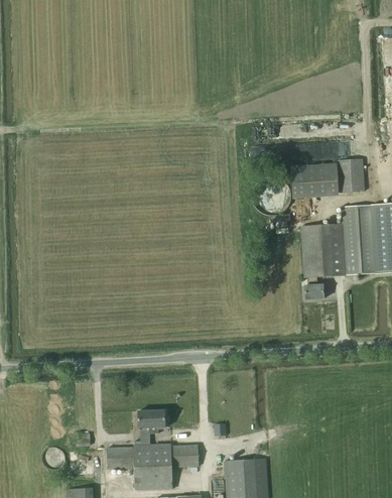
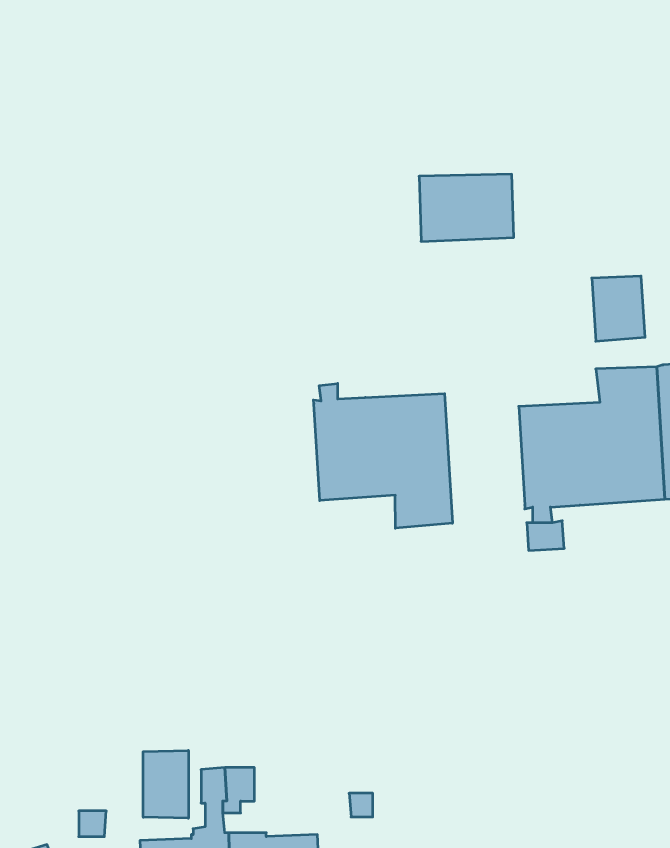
building: [287,163,336,198] -> [419,174,514,241]
building: none -> [313,383,452,528]
building: none -> [143,750,188,818]

